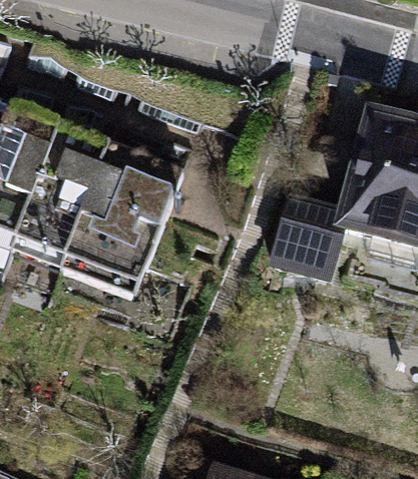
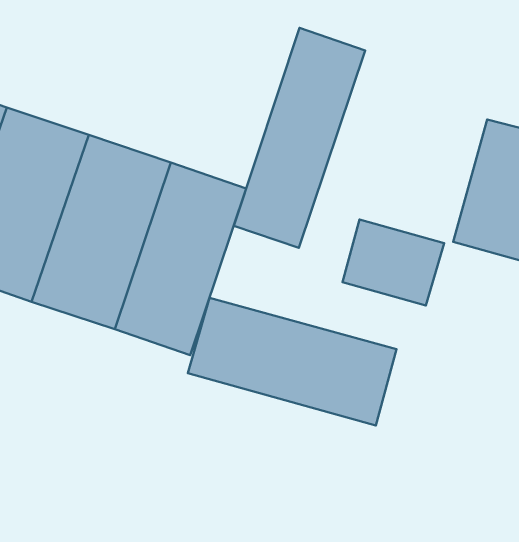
building: none -> [234,28,365,248]
building: none -> [188,298,396,425]

